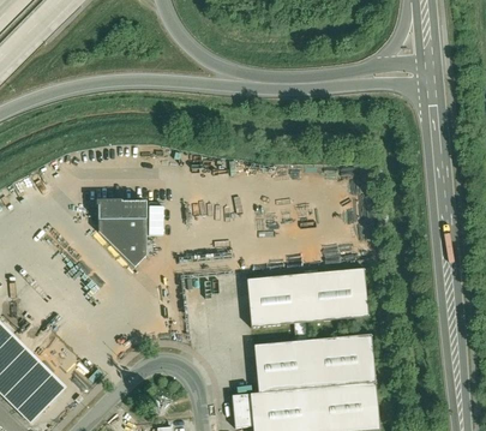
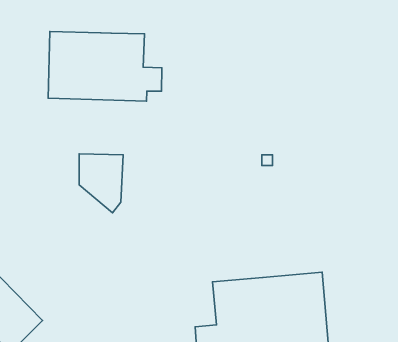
building: none -> [48,31,162,101]
building: [245,268,371,340] -> none

